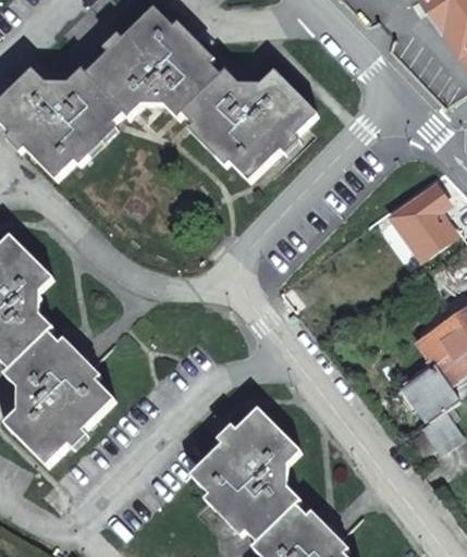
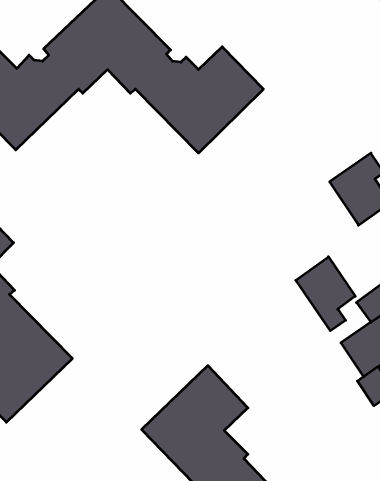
building: none -> [296,257,355,331]

